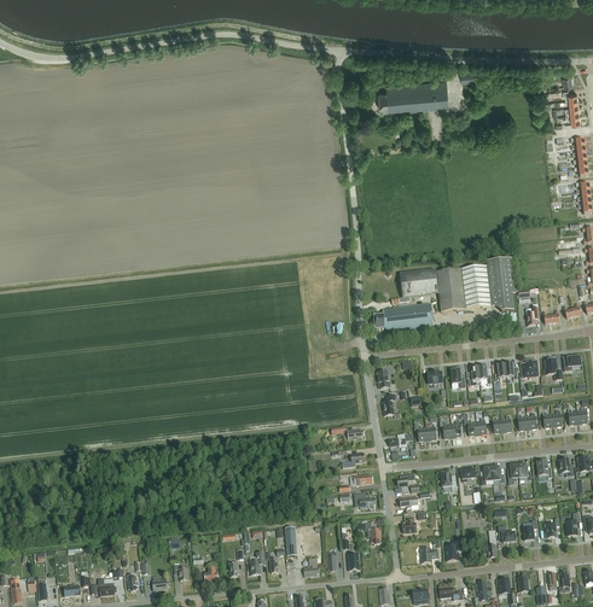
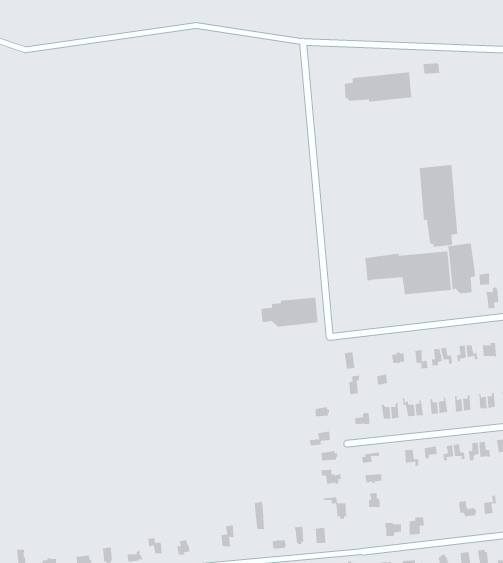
building: none -> [419,164,458,247]
building: [373,303,434,334] -> [261,297,319,327]

